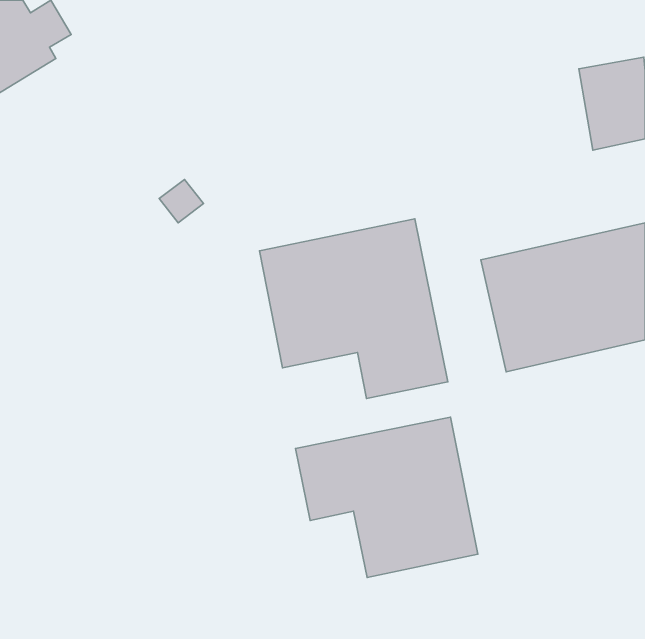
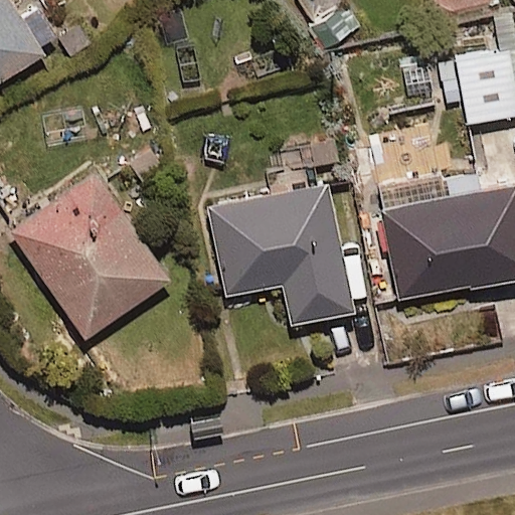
building: none -> [10,172,171,340]
building: [296,417,478,578] -> none

